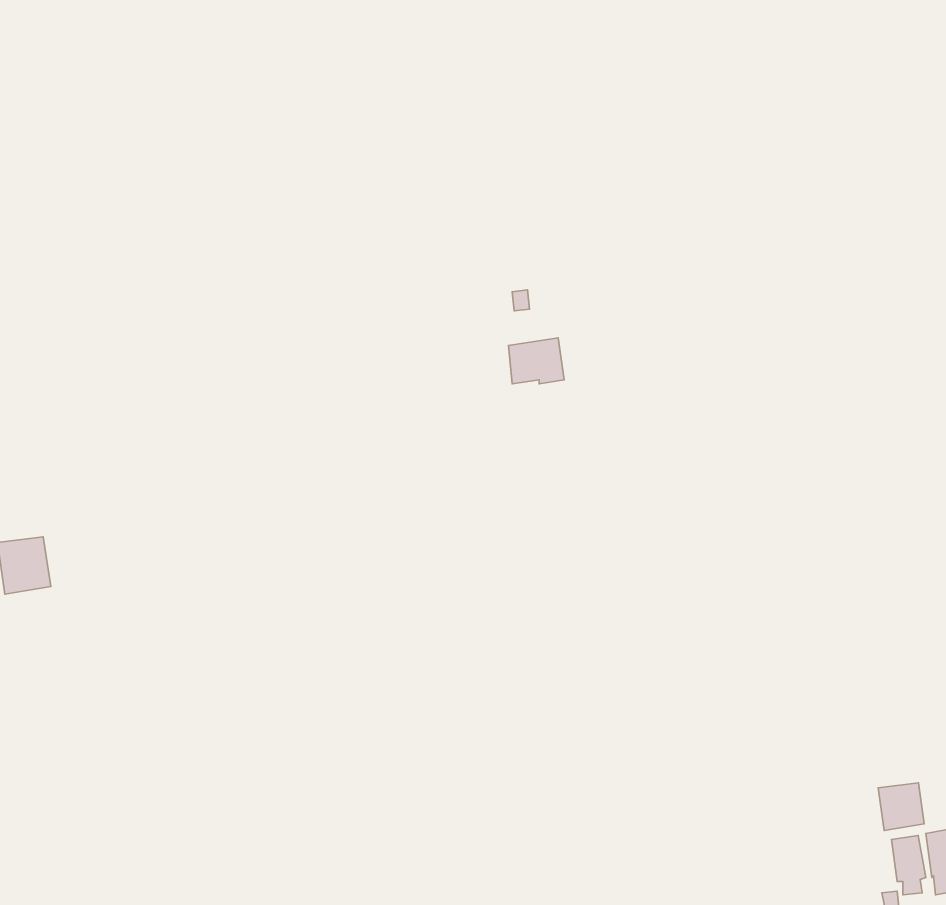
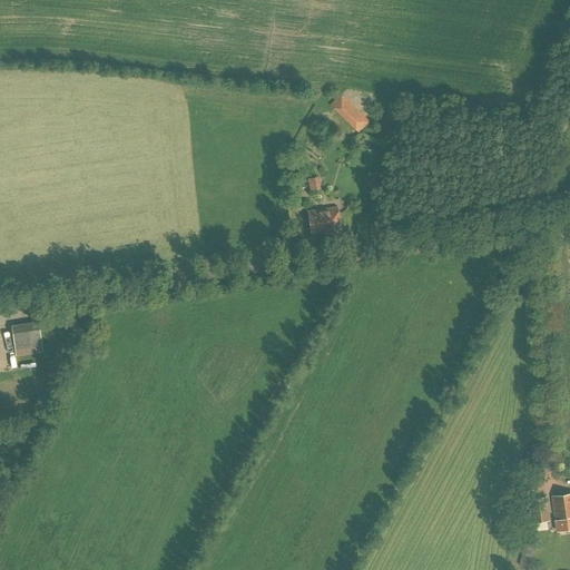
building: none -> [330,92,370,131]
building: [878,783,924,830] -> none

